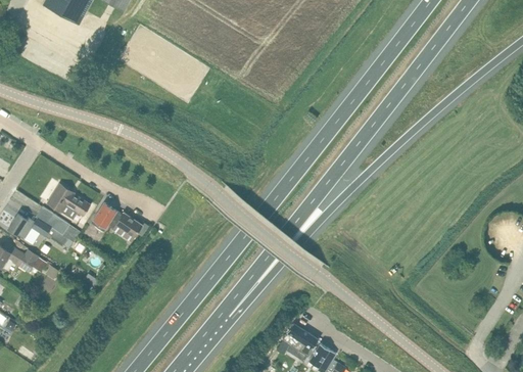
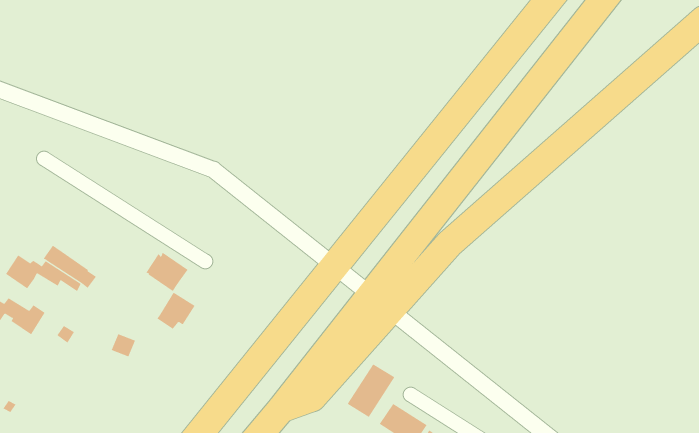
building: [47,183,90,219] -> none
building: [91,202,120,230] -> [157,292,195,329]
building: none -> [347,363,395,418]

